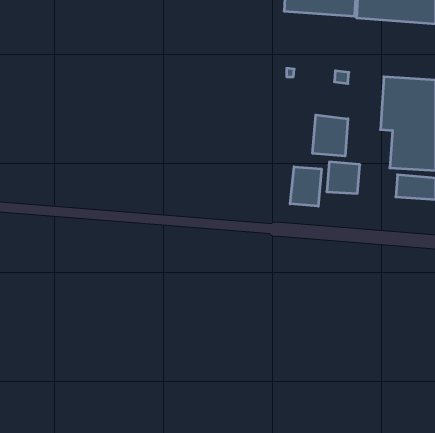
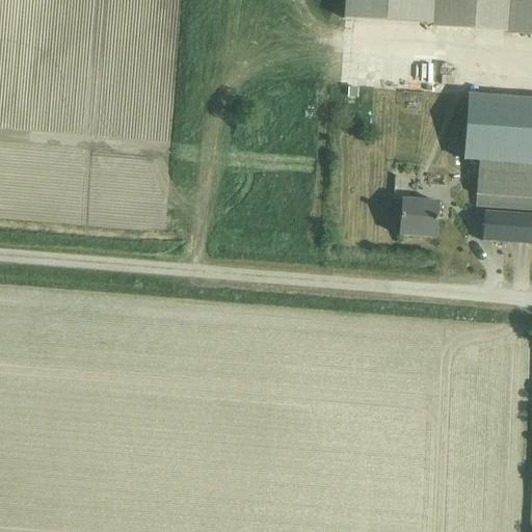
building: [313,115,348,156] -> none
building: [290,167,321,206] -> none

